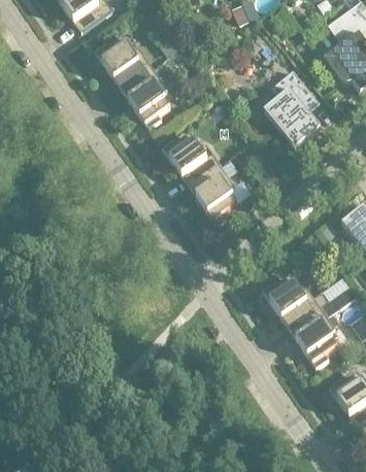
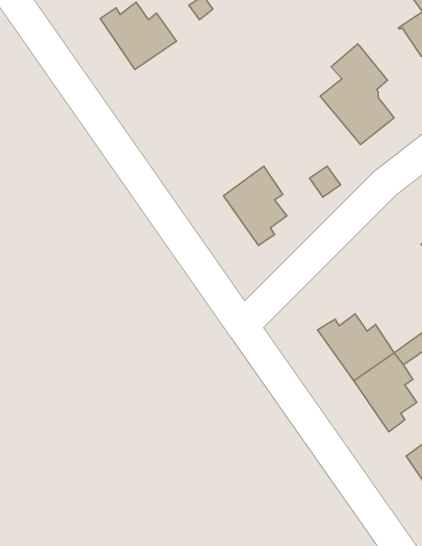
building: [121,67,169,128] -> none
building: [161,134,220,186] -> none

